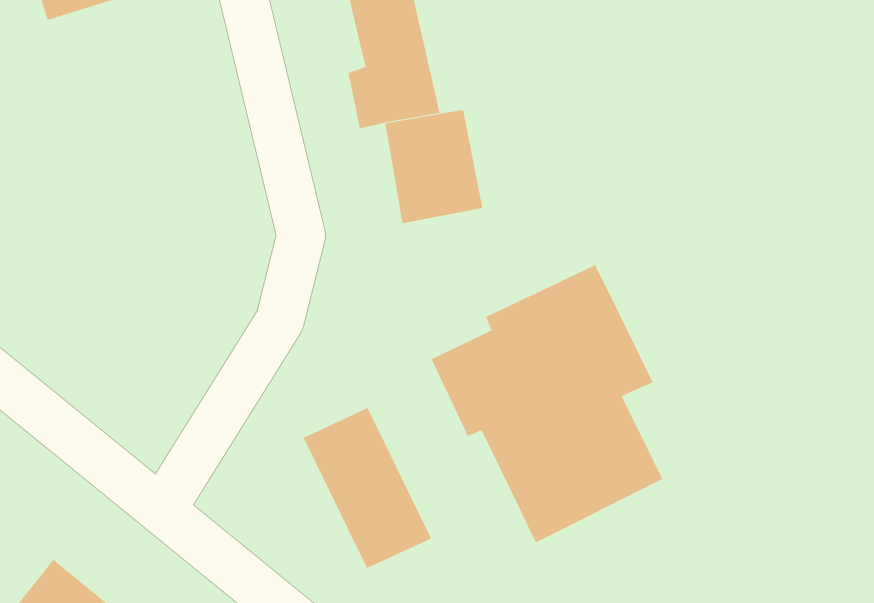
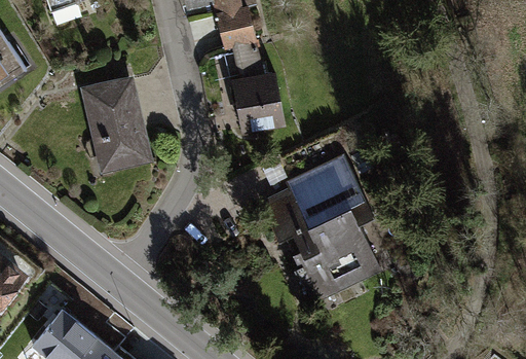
building: none -> [80,75,153,174]
building: [303,407,432,569] -> none

